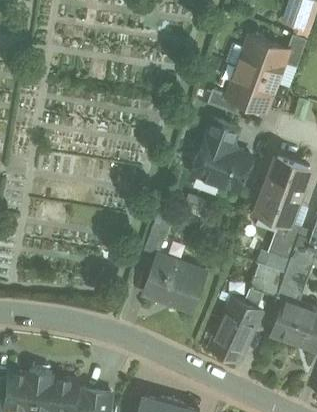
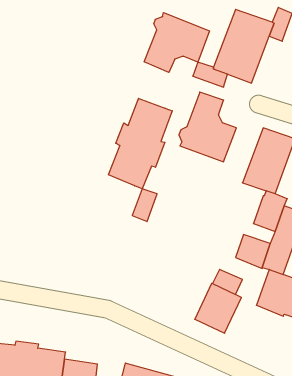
building: none -> [144,13,210,72]
building: none -> [108,98,172,189]
building: [142,254,207,312] -> none

